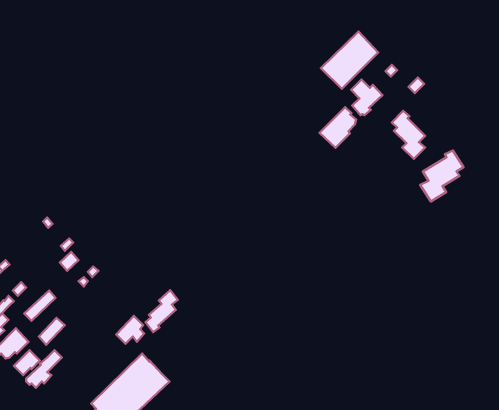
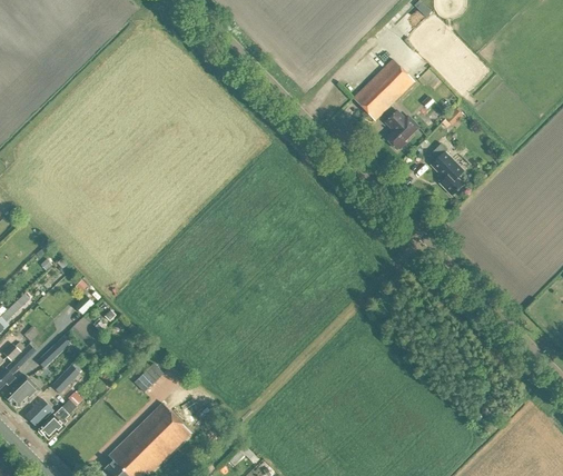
building: [319,107,356,148] -> none
building: [420,150,464,202] -> none
building: [146,290,178,332] -> none

